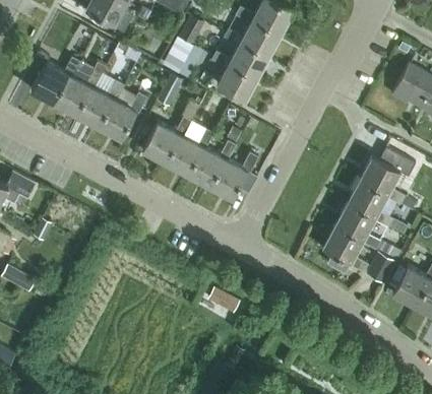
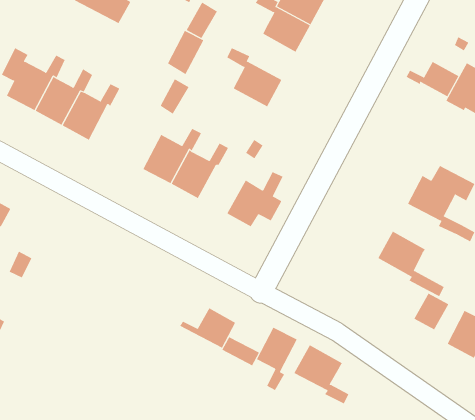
building: [224,29,268,78] -> none
building: none -> [406,61,459,97]
building: [99,92,146,139] -> none
building: [188,141,236,188] -> none
building: [348,180,408,236] -> none
building: [322,224,368,273] -> [293,345,349,404]
building: none -> [179,307,236,349]
building: none -> [256,327,298,391]

